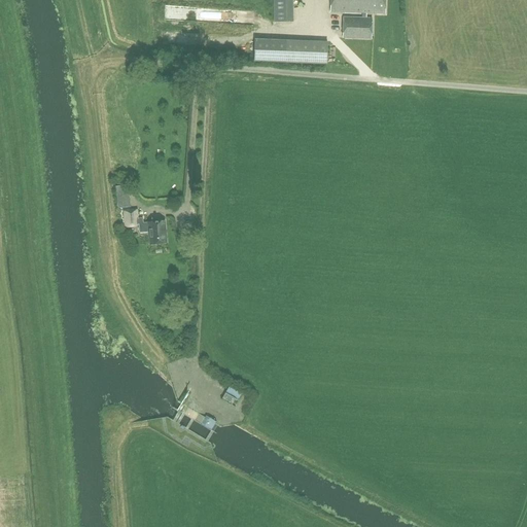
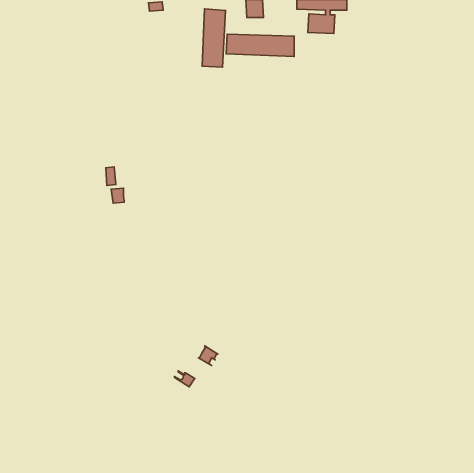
building: none -> [202,9,226,67]
building: [137,217,166,243] -> none

